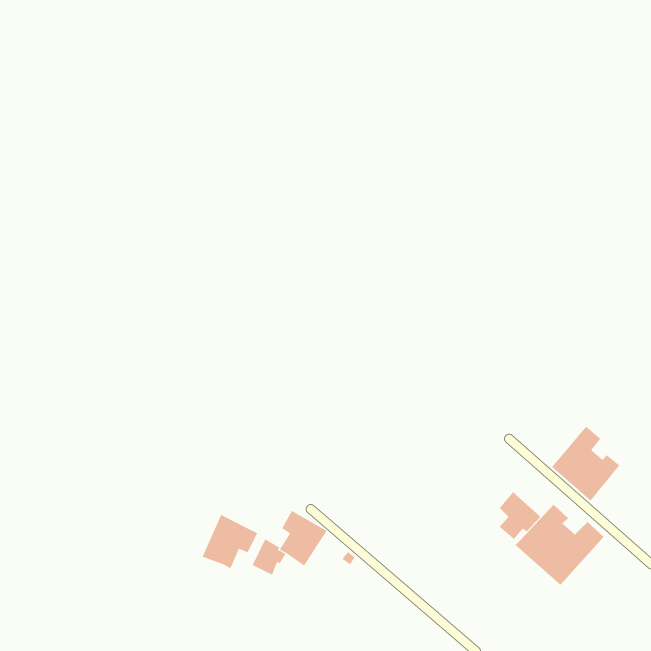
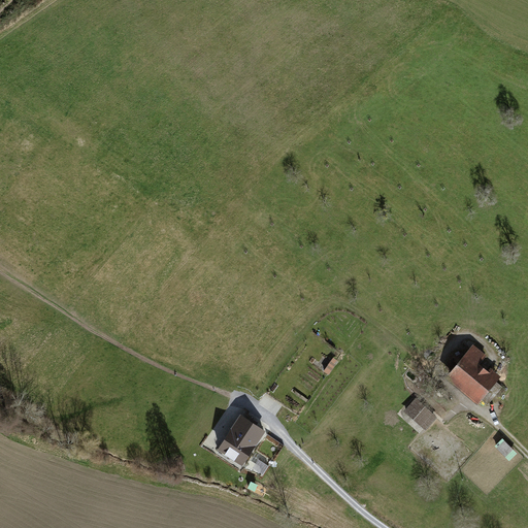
building: [515,504,604,585] -> none
building: [202,514,258,569] -> none

